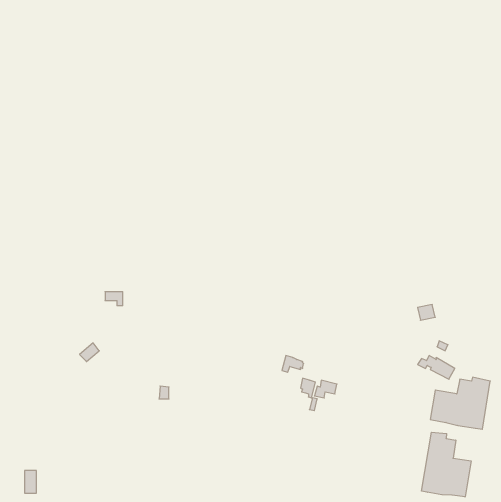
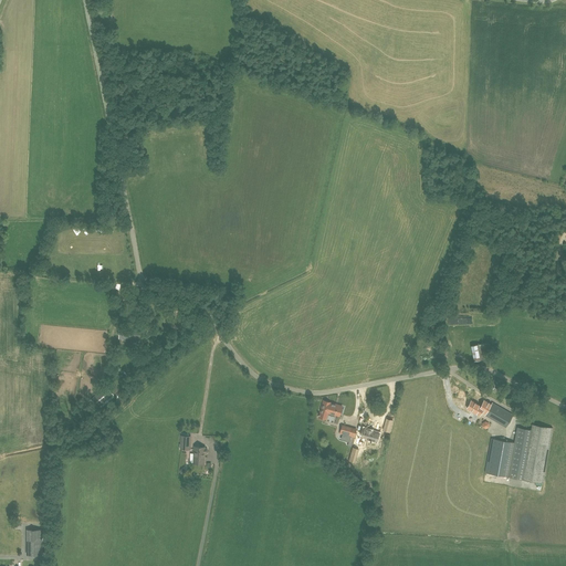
building: [422,432,471,497] -> none

